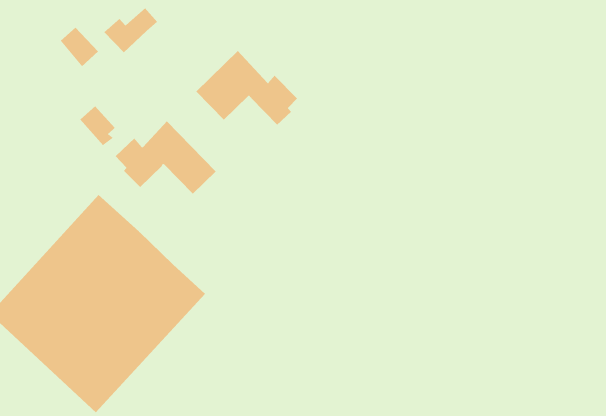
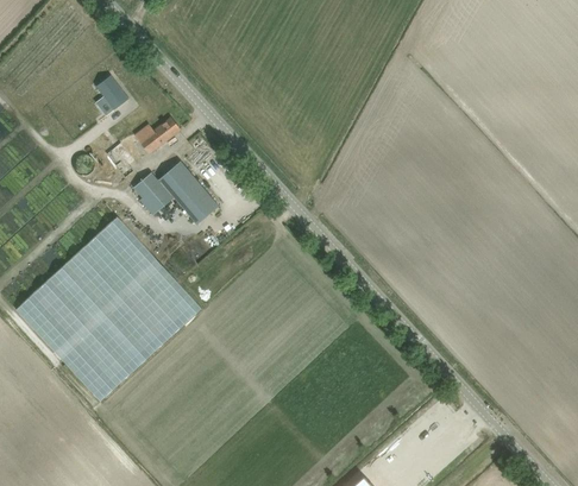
building: [104,7,158,53] -> [133,116,180,153]
building: [196,50,298,126] -> none

